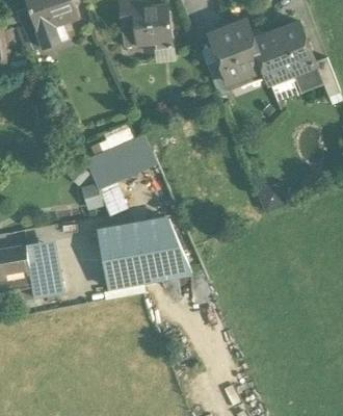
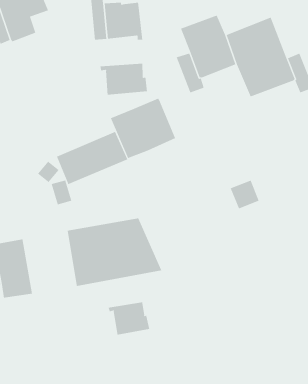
building: none -> [100,63,148,95]
building: none -> [110,98,176,159]
building: none -> [108,301,150,335]

